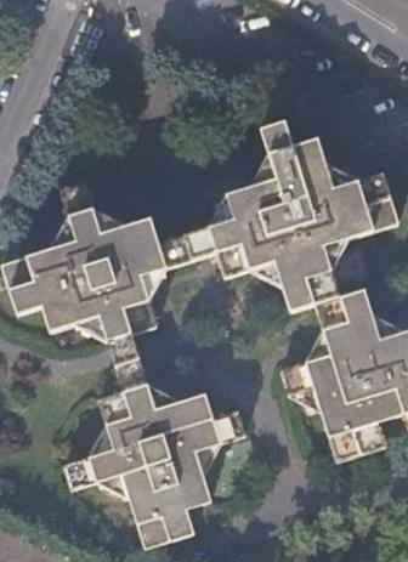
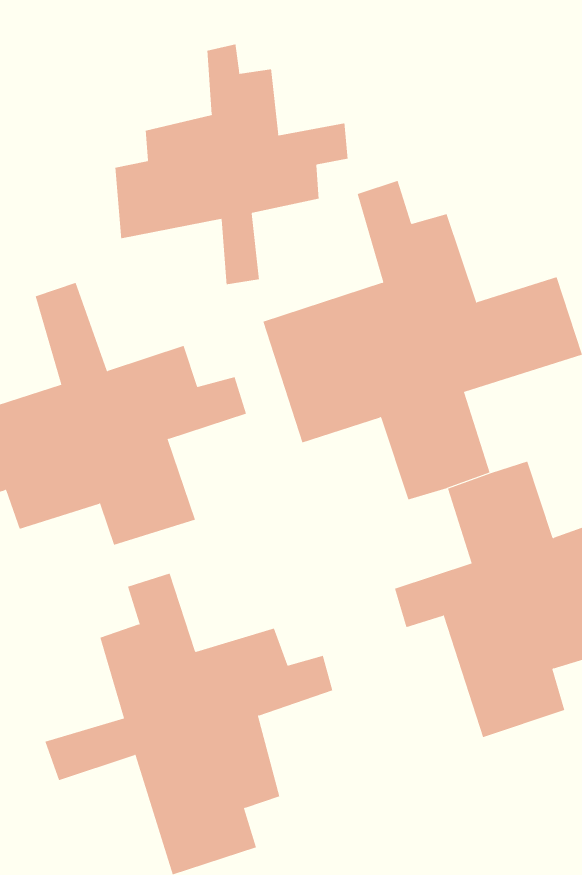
building: none -> [115,44,348,285]

